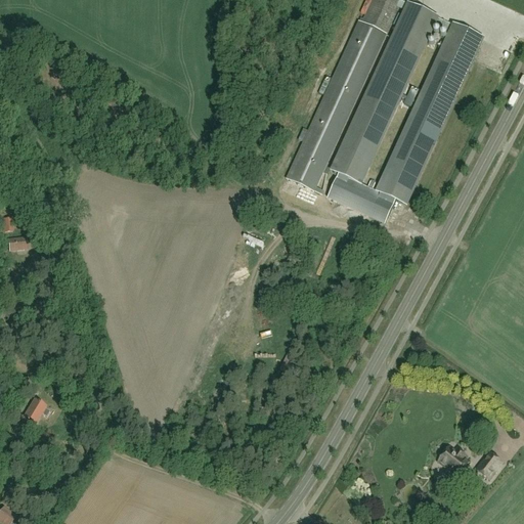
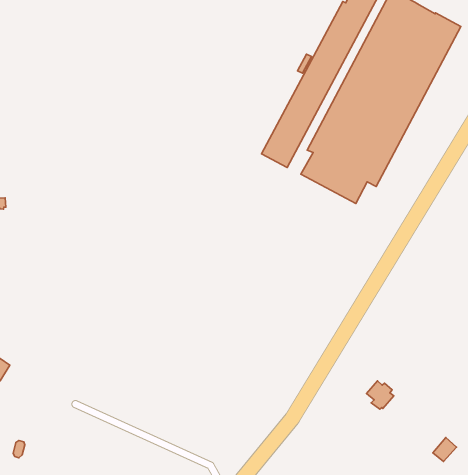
building: [439,447,467,476] -> [367,381,394,409]

